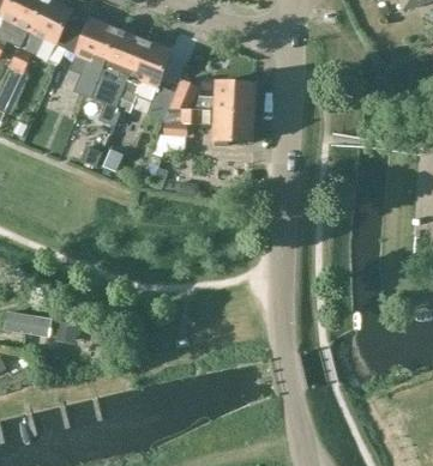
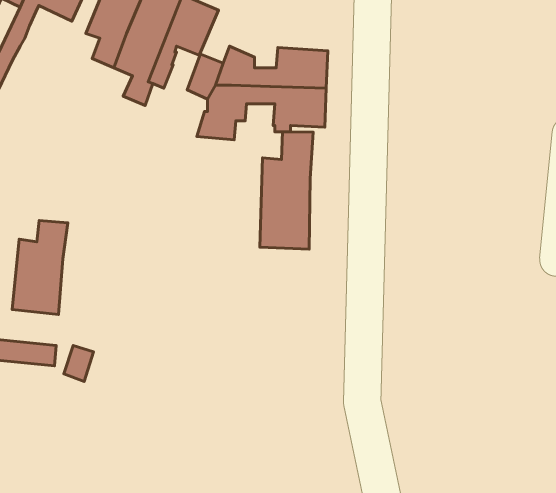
building: none -> [260,132,313,249]
building: none -> [12,220,68,314]

